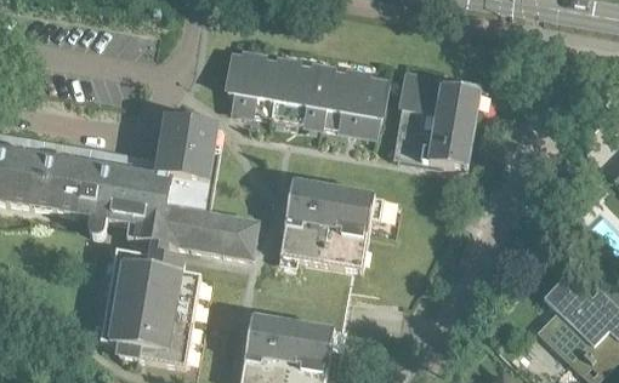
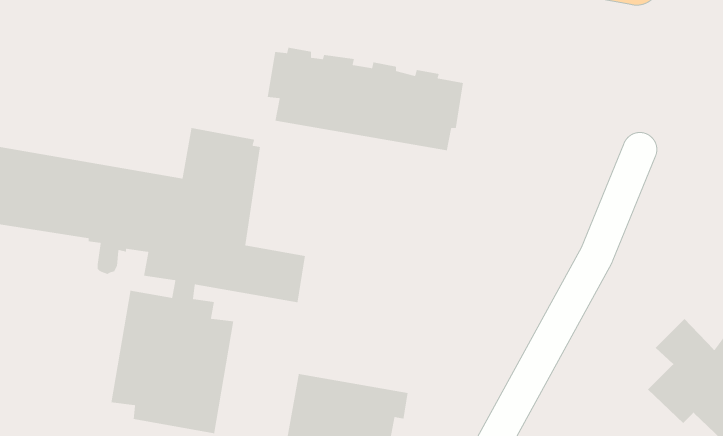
building: [392,79,481,168] -> none
building: [280,182,382,269] -> none

